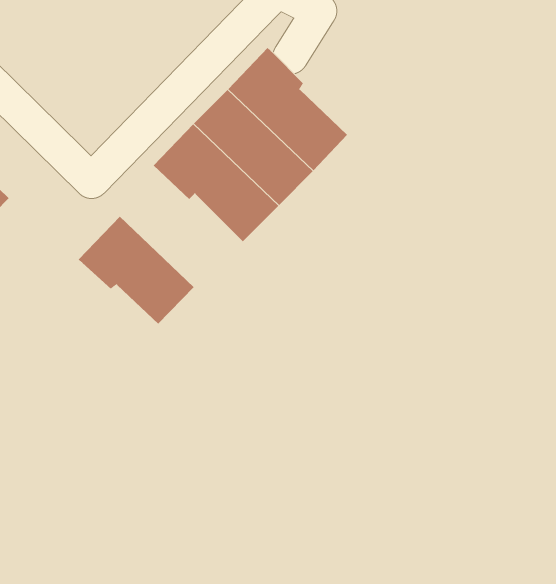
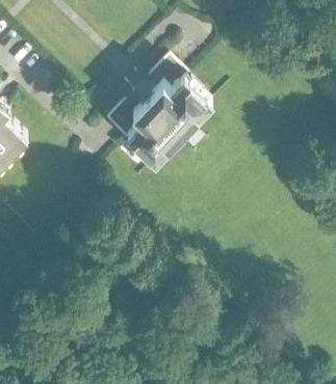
building: [78,216,194,325] -> none

